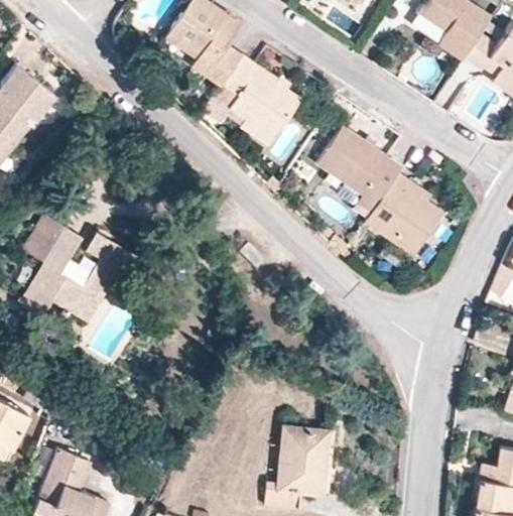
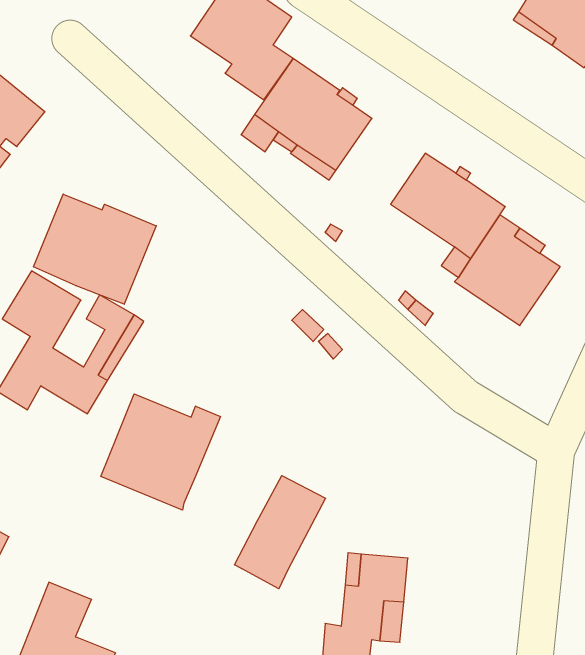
building: none -> [34,194,156,304]
building: none -> [101,394,220,510]
building: none -> [235,476,326,589]

